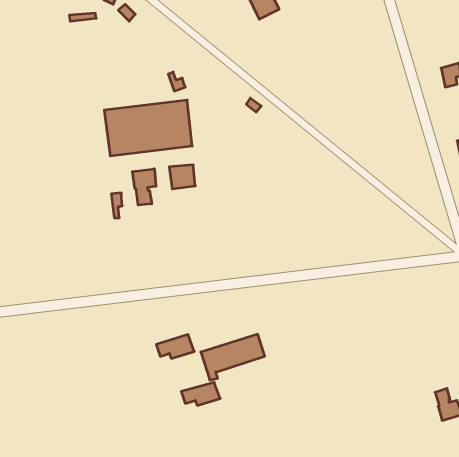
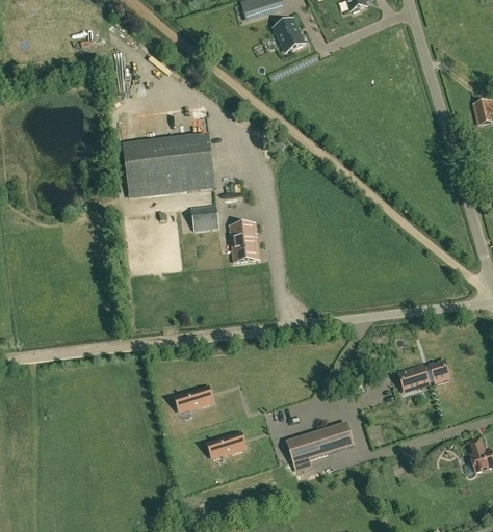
building: [132,169,156,205] -> none
building: none -> [220,223,258,263]
building: none -> [401,357,455,391]
building: [201,334,265,380] -> [286,423,353,471]

